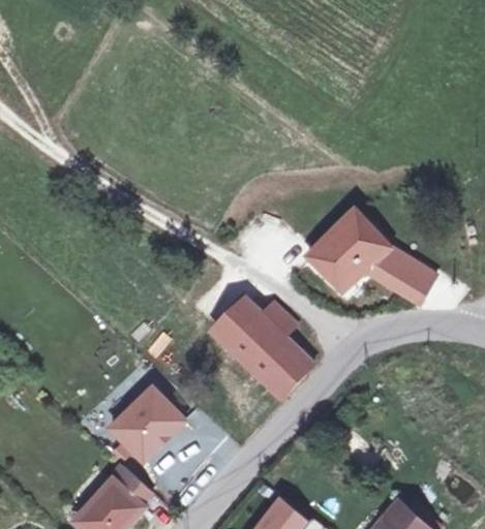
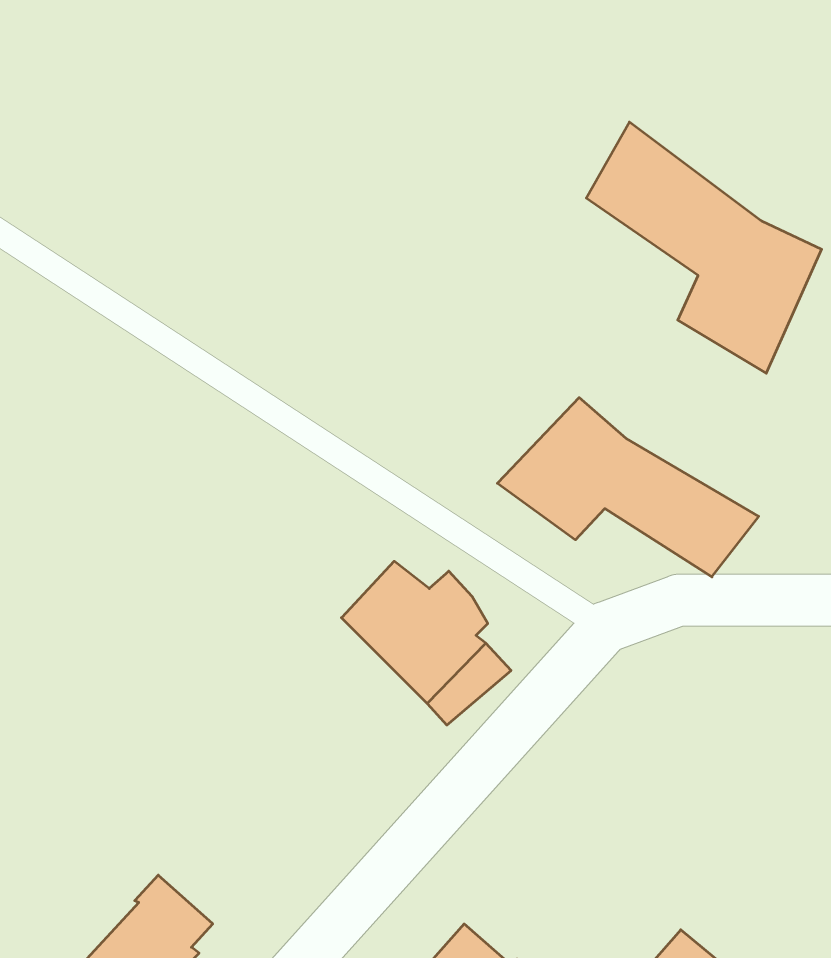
building: none -> [586,122,822,373]
building: [108,387,182,461] -> none

